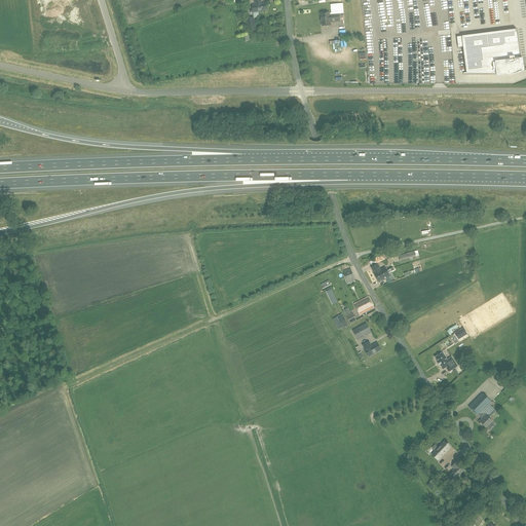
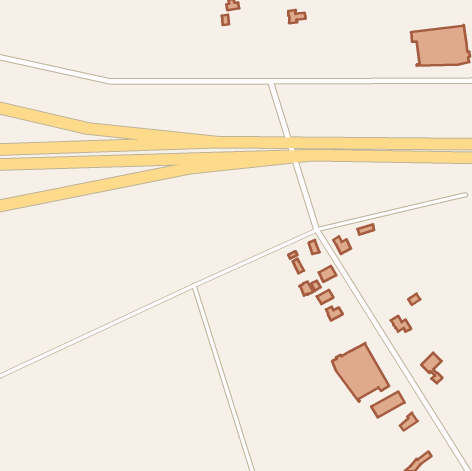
building: none -> [332,343,389,402]

